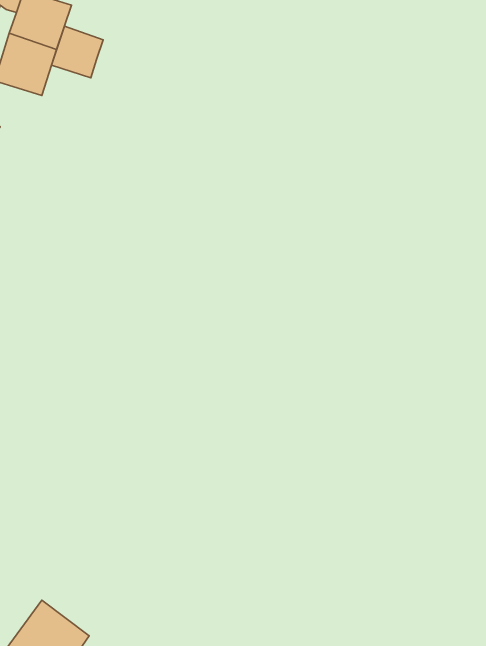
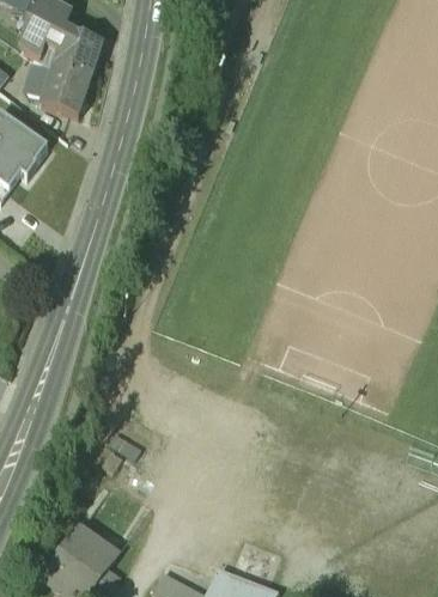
building: [52,26,103,78] -> none

